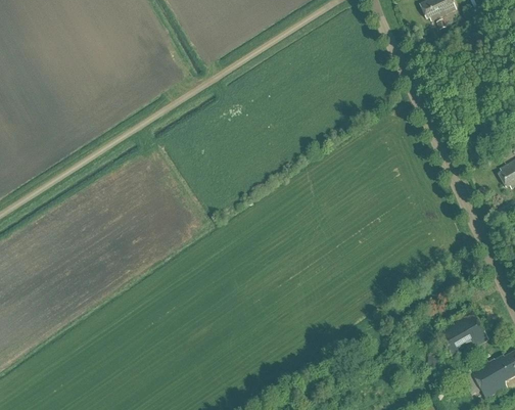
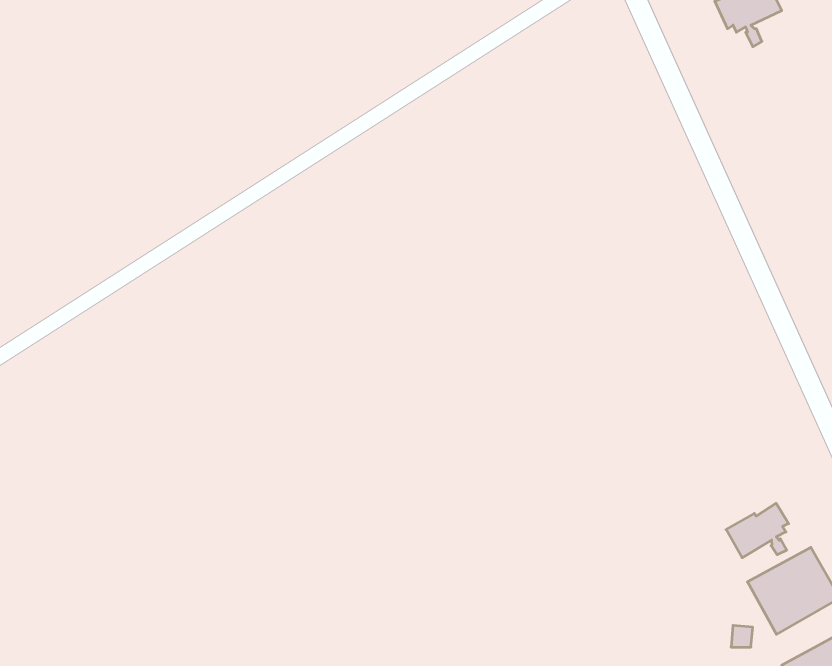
building: none -> [726,503,789,558]

